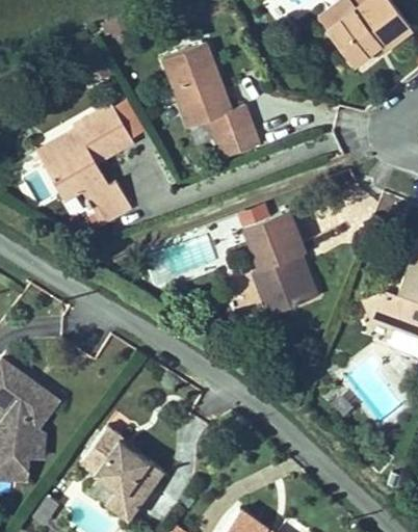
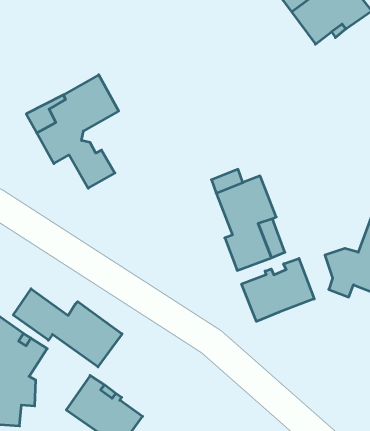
building: [163,45,261,161] -> none
building: none -> [242,258,314,321]
building: none -> [13,289,122,367]

